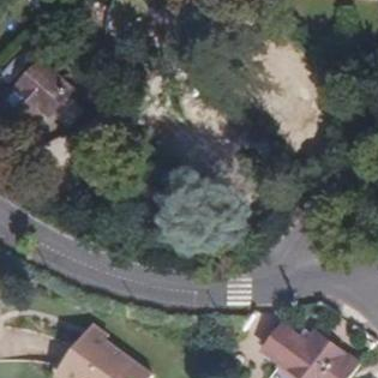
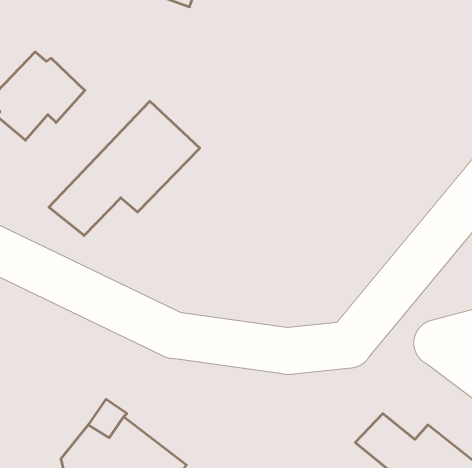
building: none -> [49,101,200,236]

